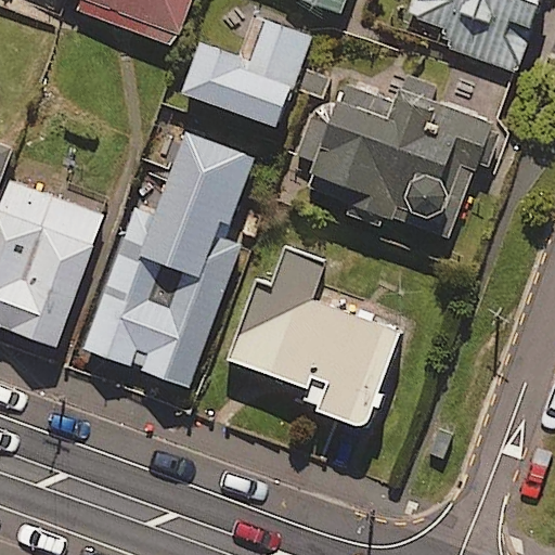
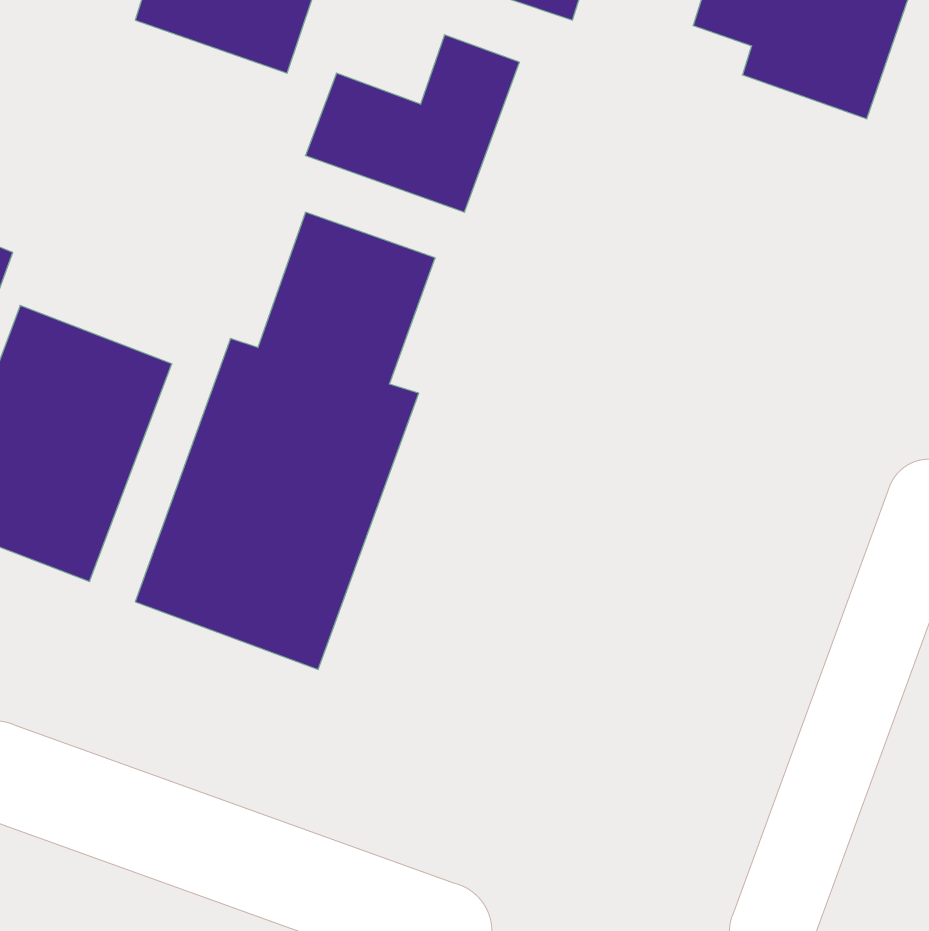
building: [294,85,490,237] -> none
building: [230,249,397,426] -> none

